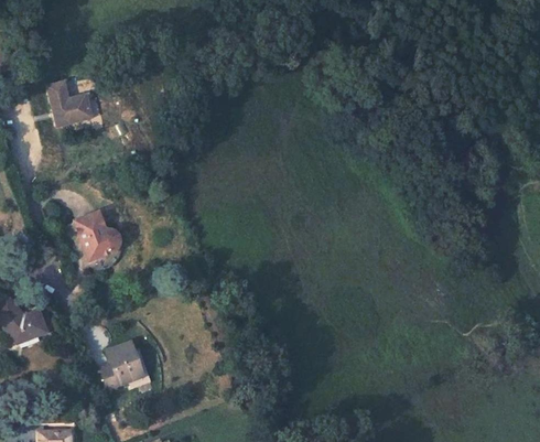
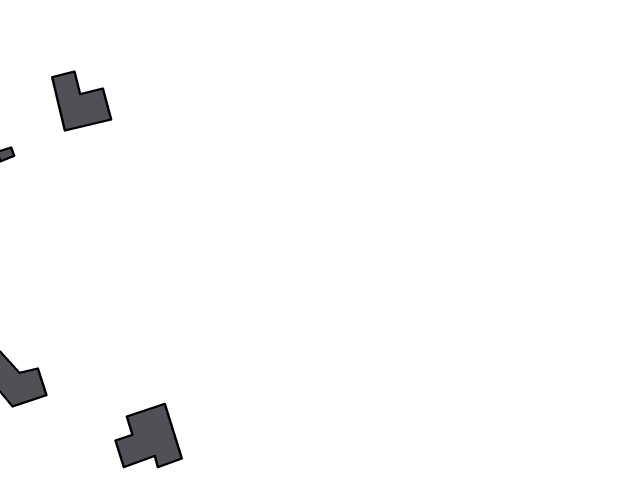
building: [78,214,118,259] -> none

